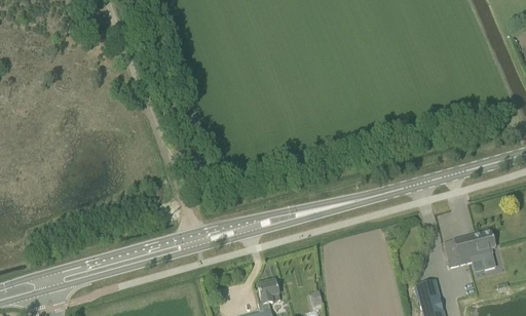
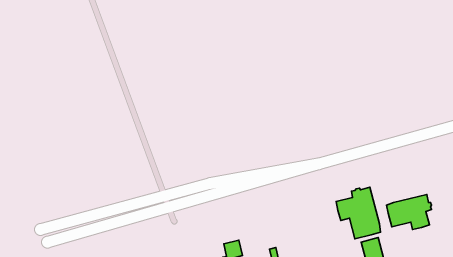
building: none -> [336,187,381,239]

